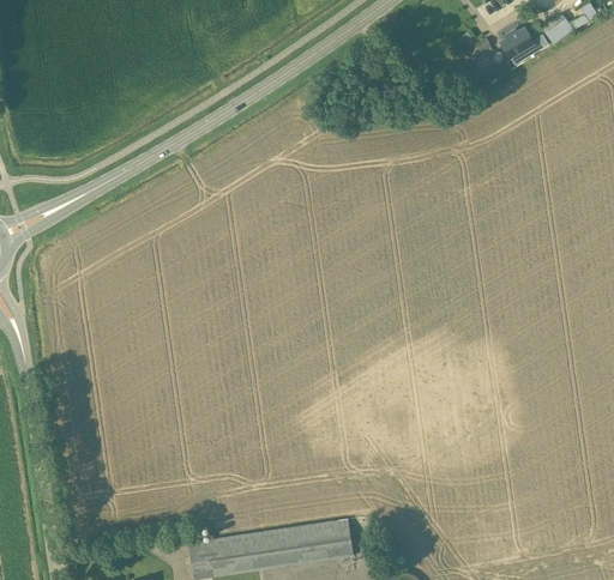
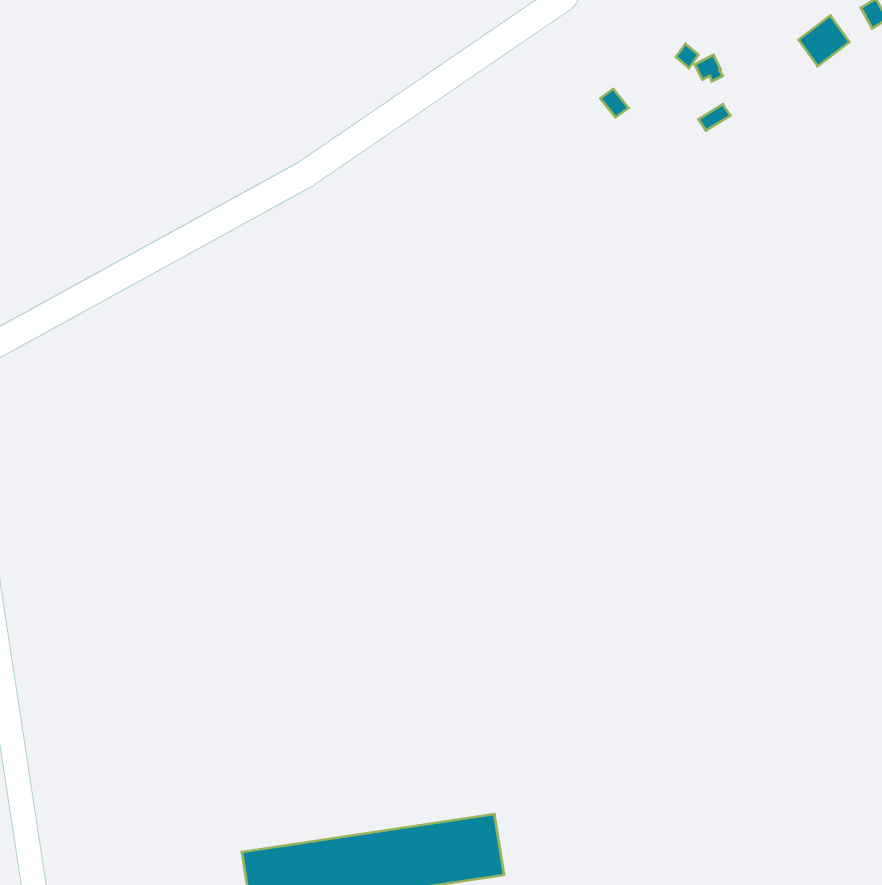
building: [500,26,548,64] -> none

